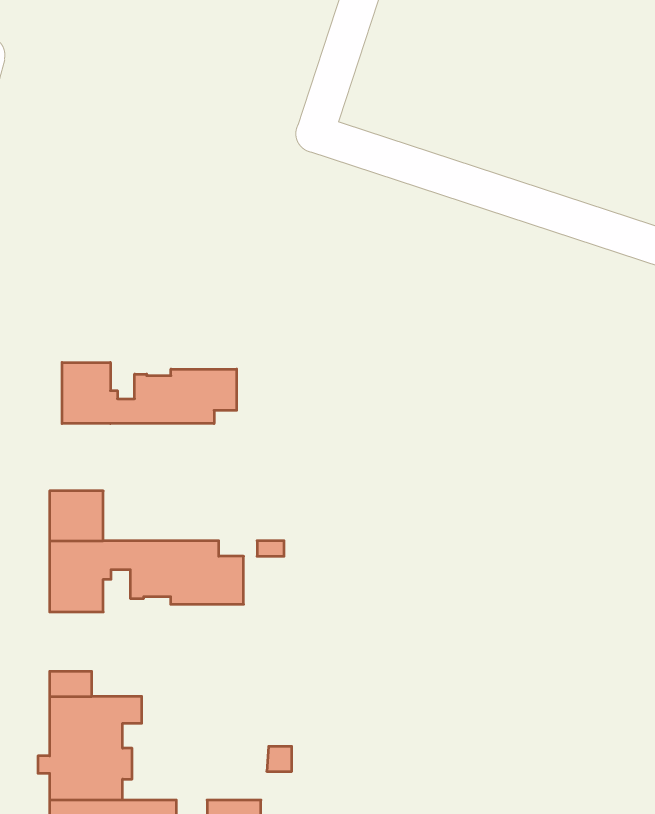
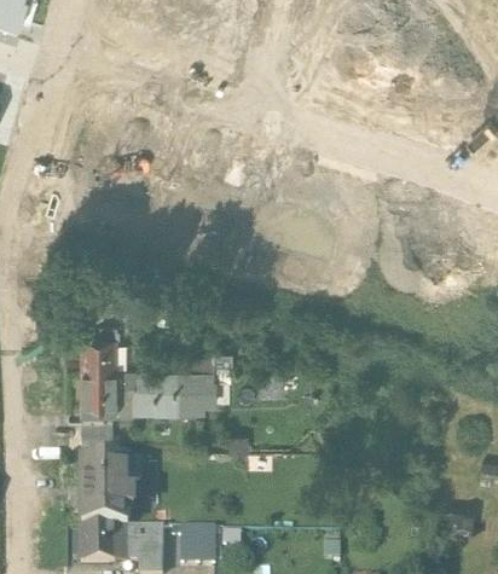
building: [62,362,237,424] -> none
building: none -> [81,422,112,448]

